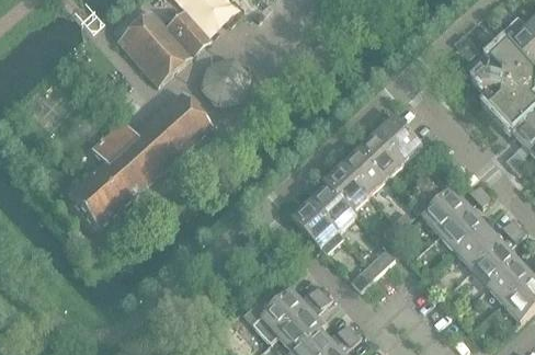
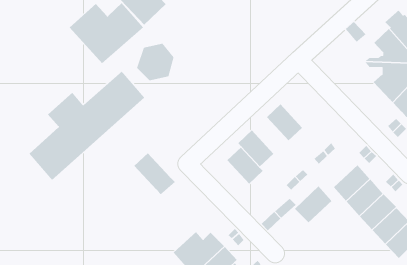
building: [376,115,422,162] -> none
building: [341,149,386,194] -> none
building: [423,188,470,234] -> [294,185,333,223]
building: [293,202,344,254] -> [134,152,176,196]

